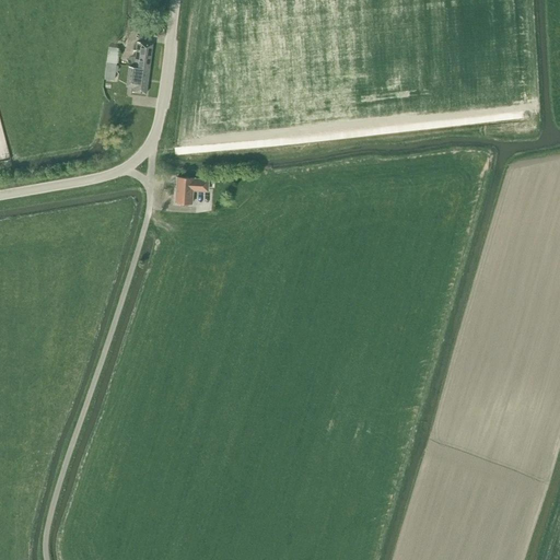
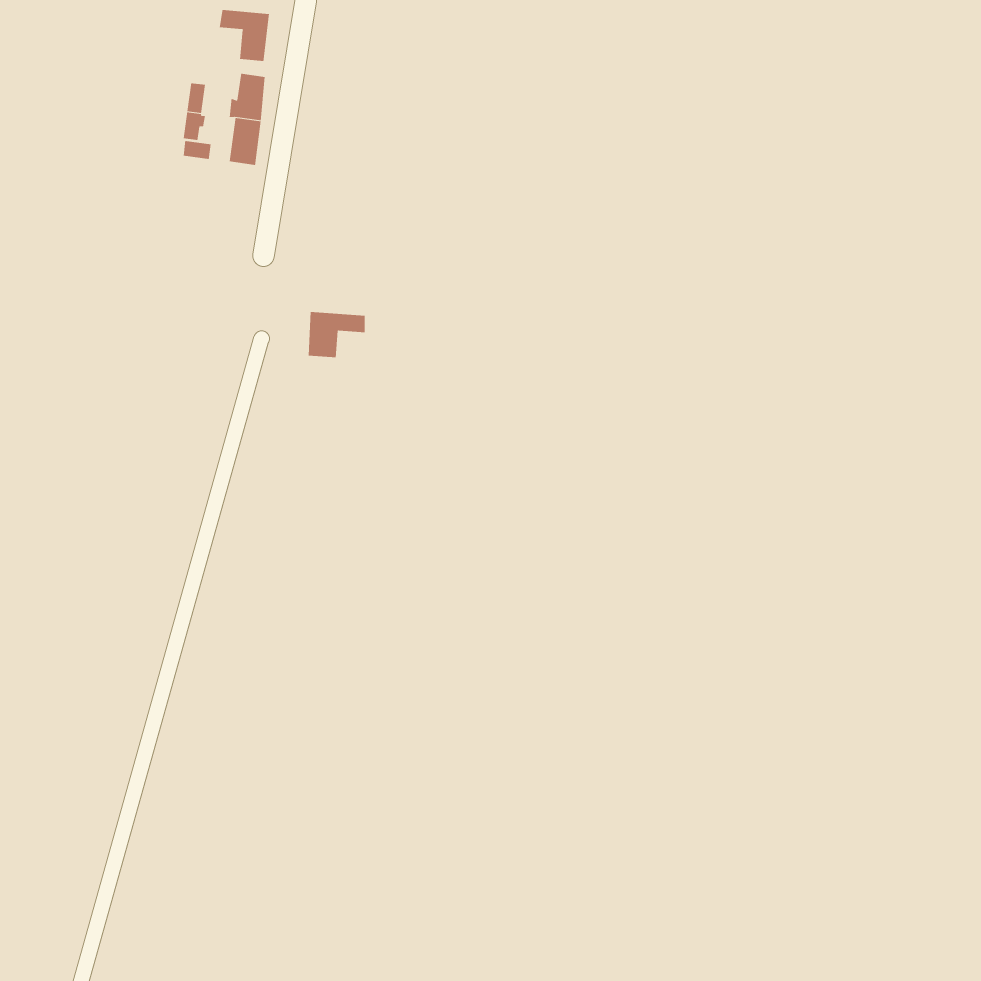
building: none -> [219,9,270,62]

